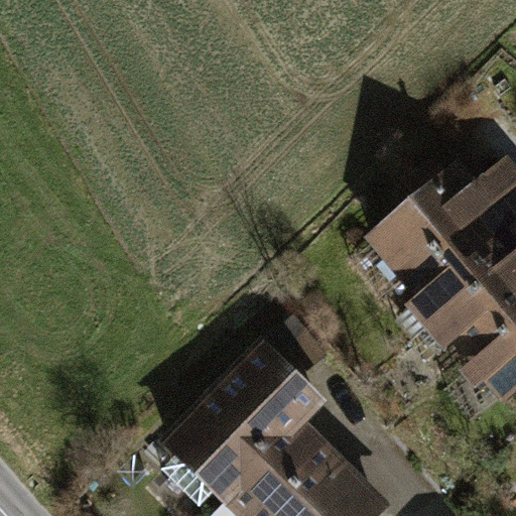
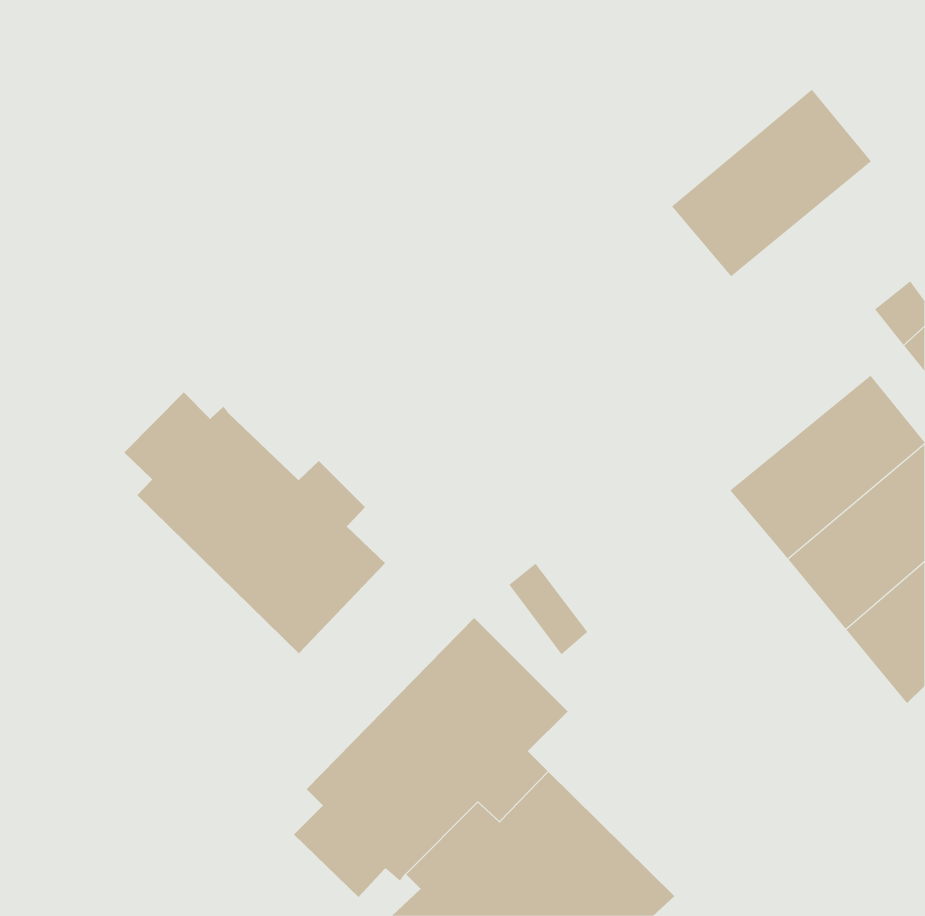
building: [373,168,485,273] -> [671,89,872,277]
building: none -> [124,391,386,654]

